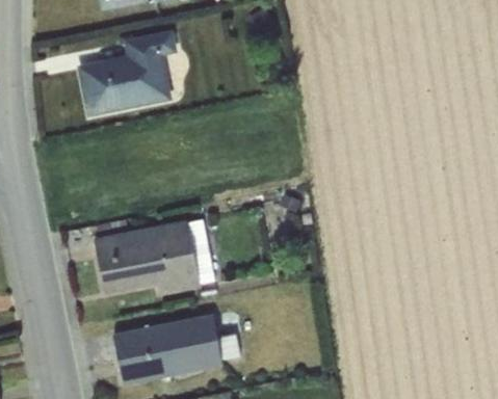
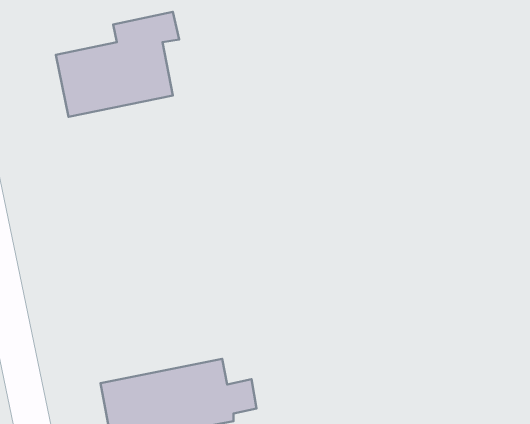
building: [94,219,200,294] -> none

